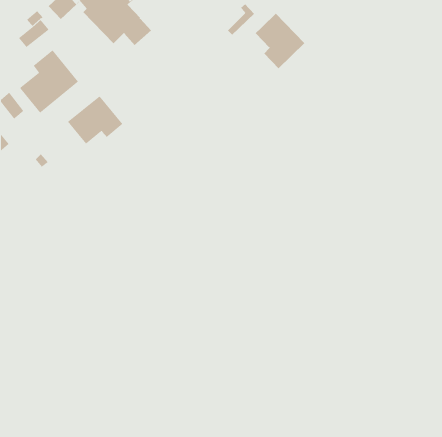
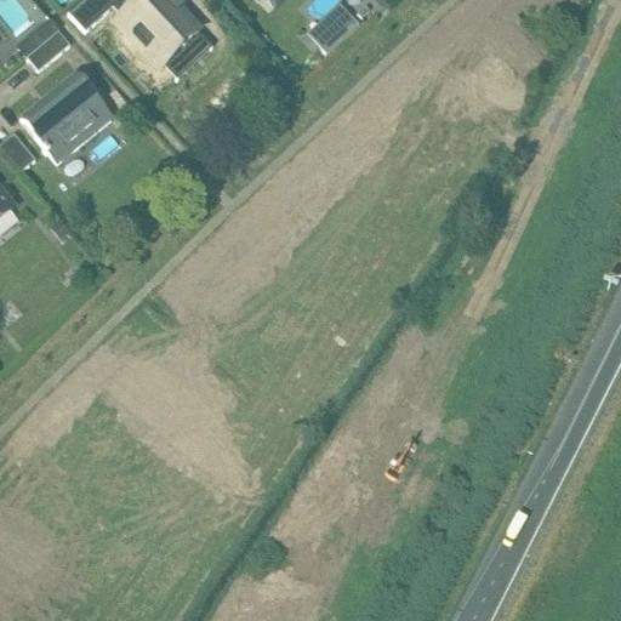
building: [249,13,305,69] -> none
building: [67,95,123,151] -> none

